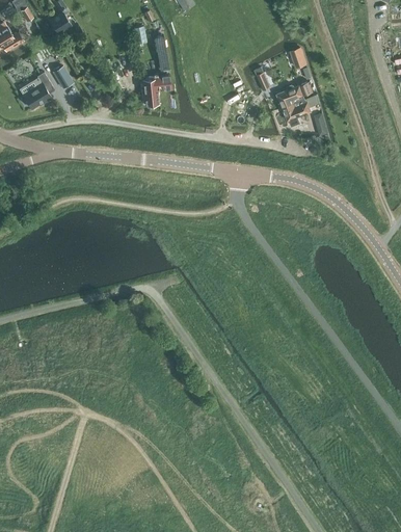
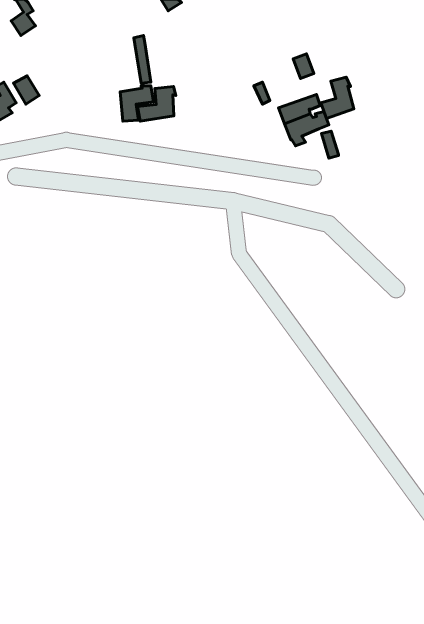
building: none -> [321,77,354,119]
building: none -> [137,87,176,121]

